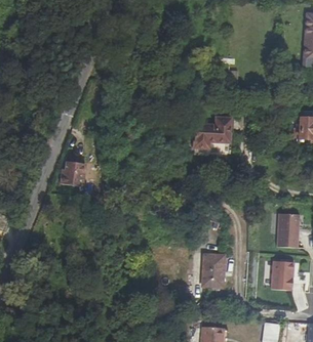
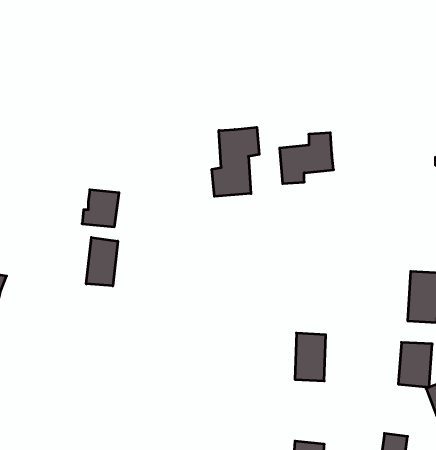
building: none -> [212,127,259,196]
building: none -> [86,237,118,286]

